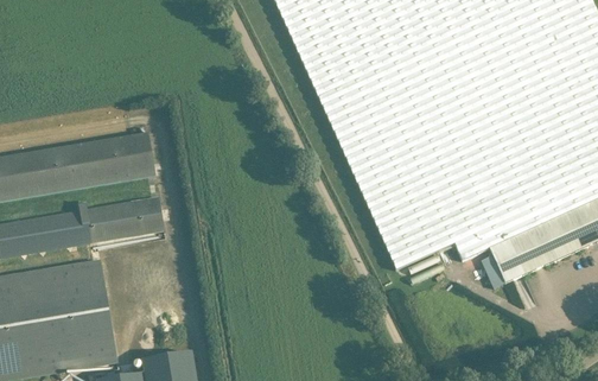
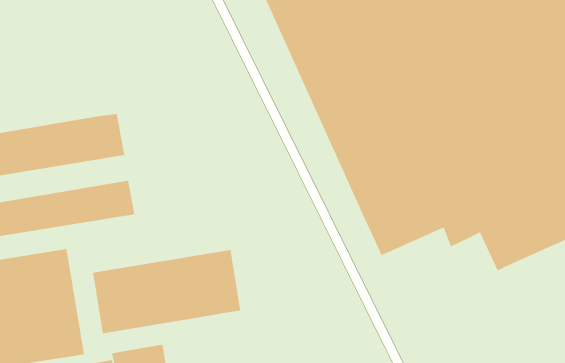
building: none -> [92,249,241,334]

